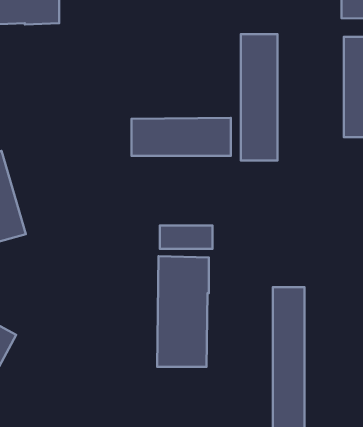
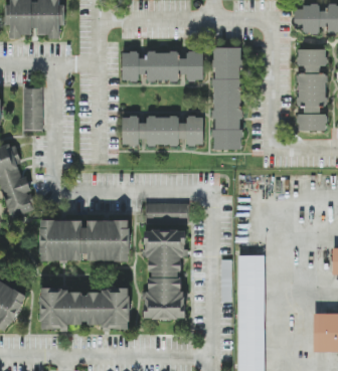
building: none -> [121,50,203,82]
building: none -> [23,86,41,130]
building: none -> [39,219,129,261]
building: none -> [39,287,130,329]

